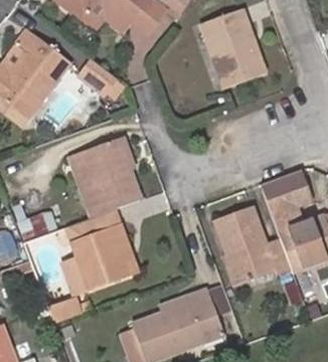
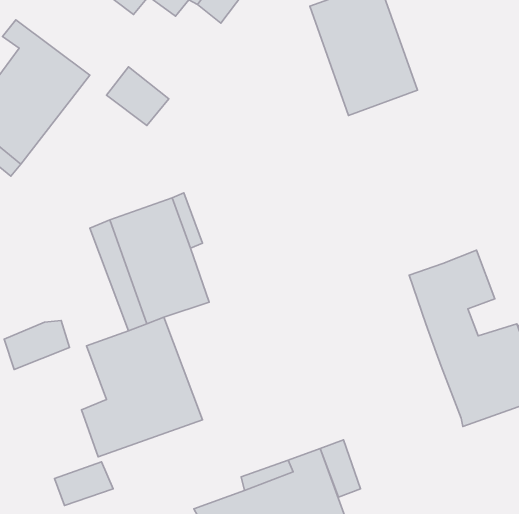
building: [213,208,291,284] -> none

